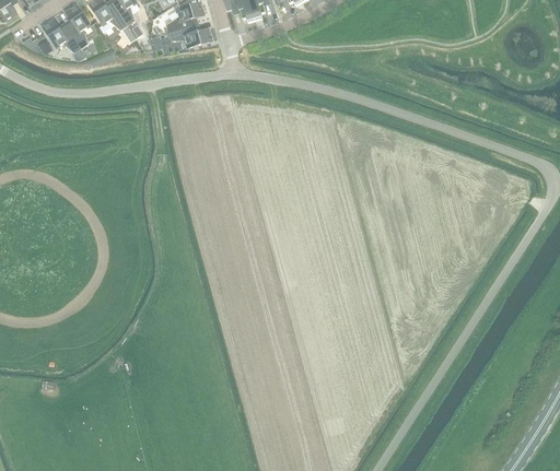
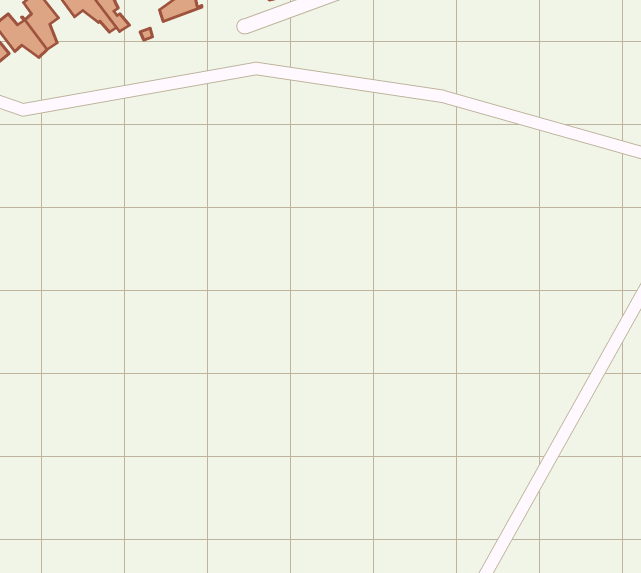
building: [167,22,210,46] -> none

